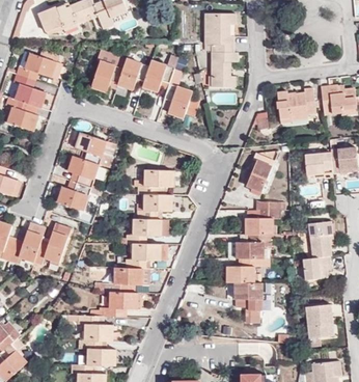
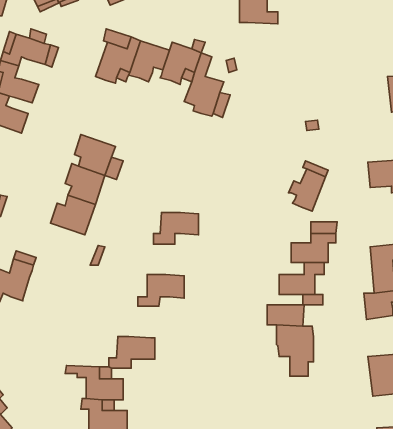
building: [211,44,239,86] -> none
building: [276,87,315,120] -> none
building: [137,169,172,193] -> none
building: [126,217,162,242] -> none
building: [34,222,71,264] -> none
building: [100,267,142,291] -> none

